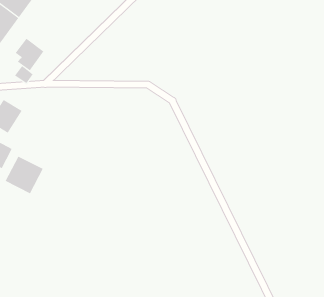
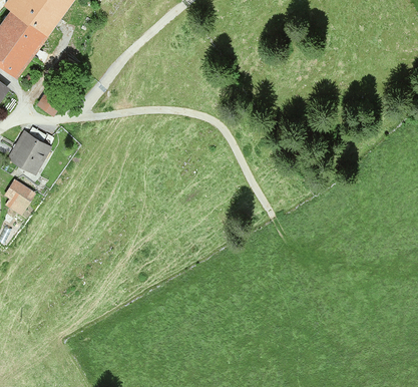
building: [15,38,44,71] -> none
building: [5,156,43,194] -> none

